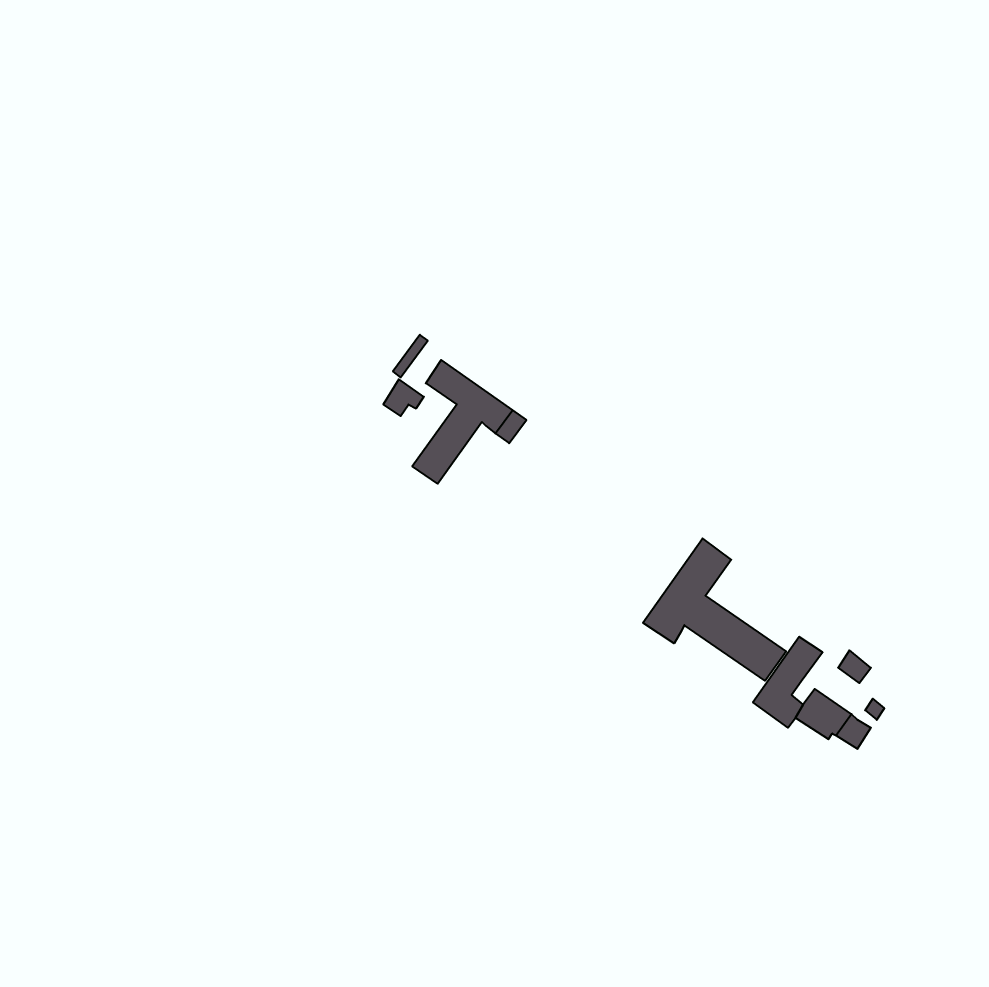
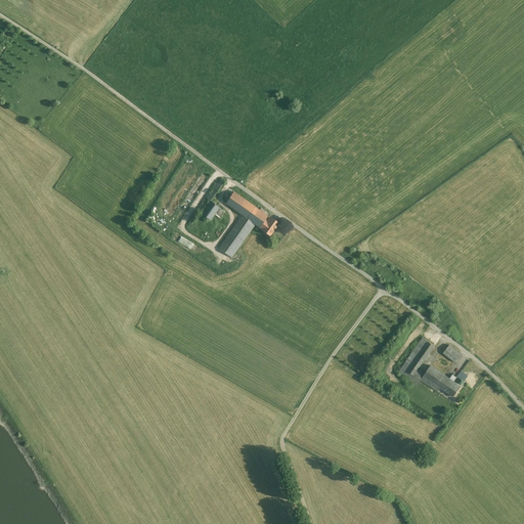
building: [643,538,786,681] -> none

